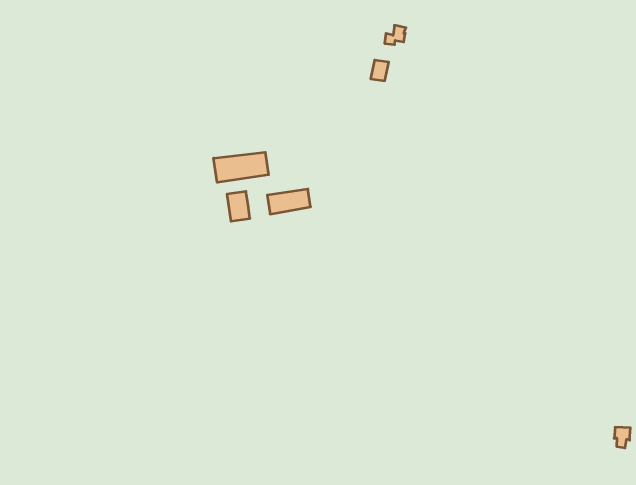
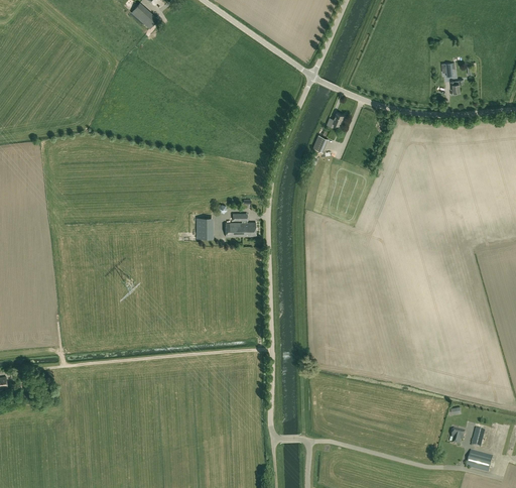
building: [214,152,269,182] -> none

